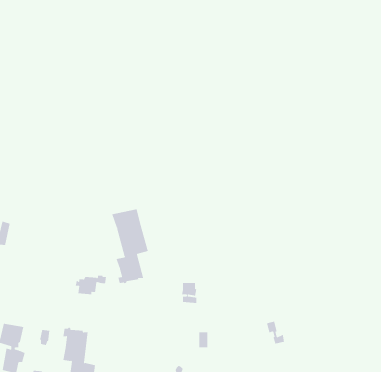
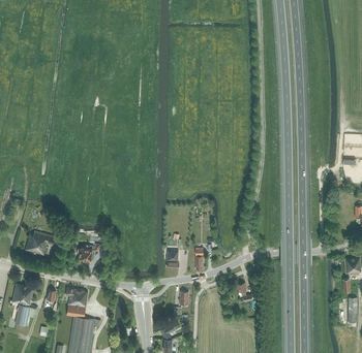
building: [111,208,148,284] -> none
building: none -> [25,232,58,256]

